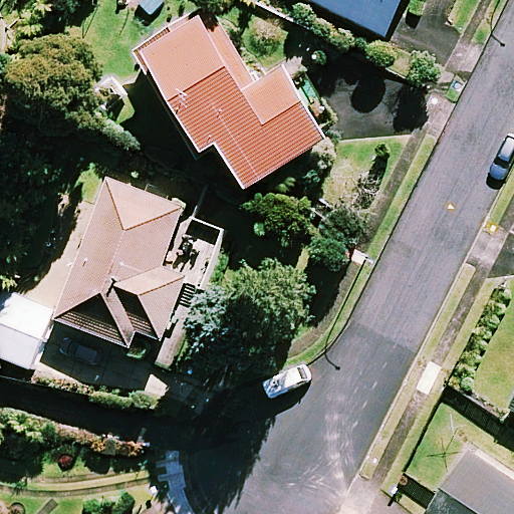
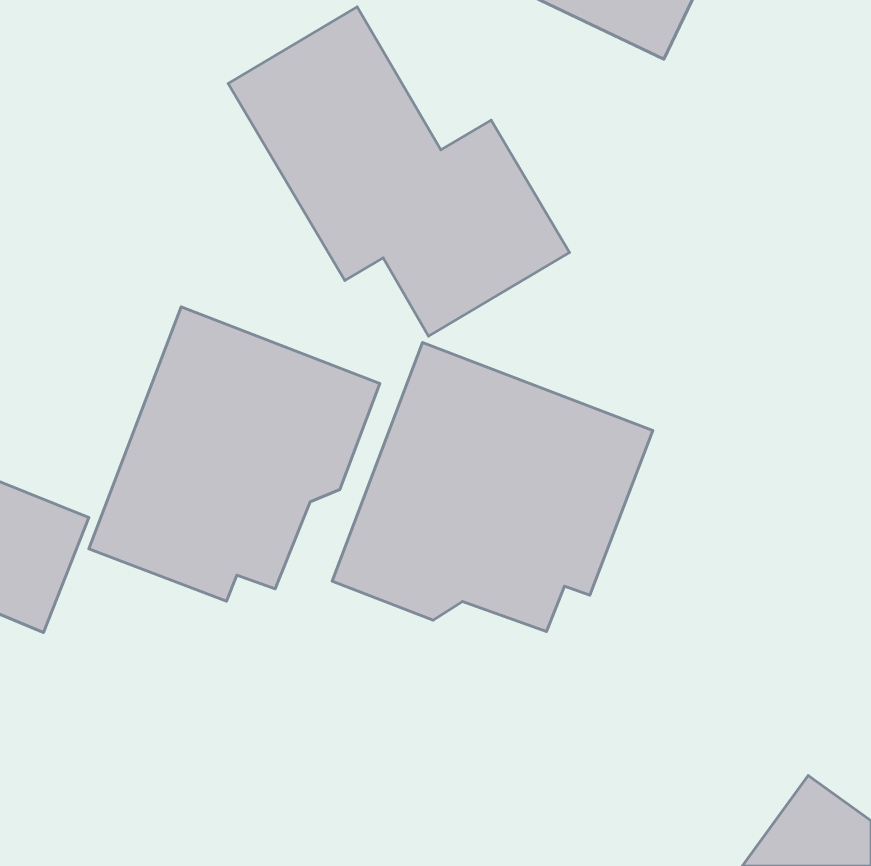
building: none -> [332,342,653,632]

